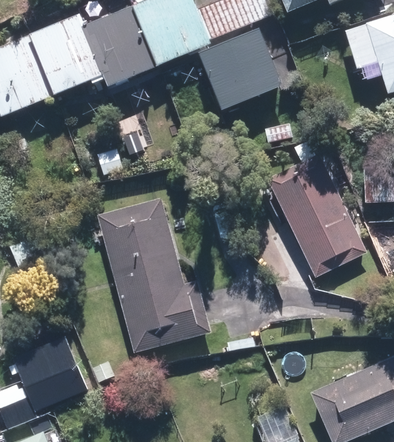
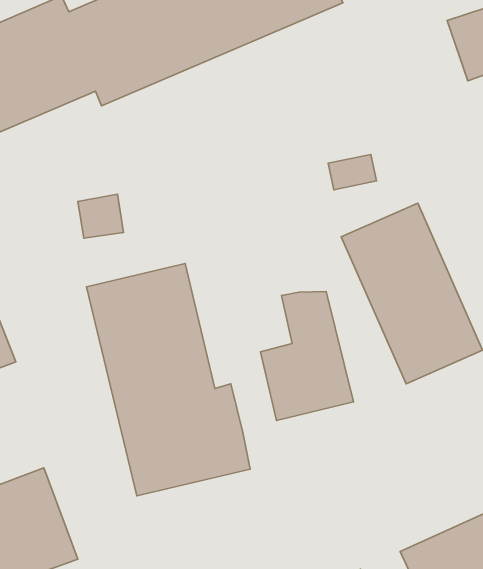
building: [198,28,284,113] -> none
building: none -> [260,291,354,420]

